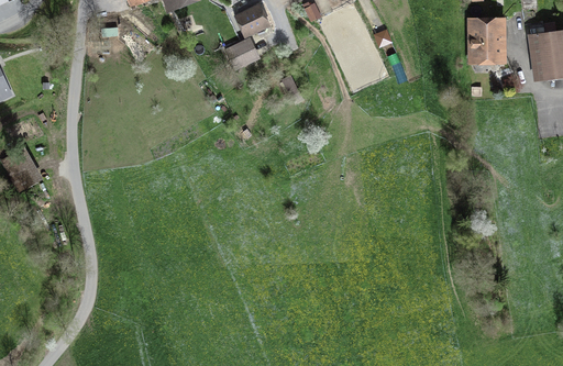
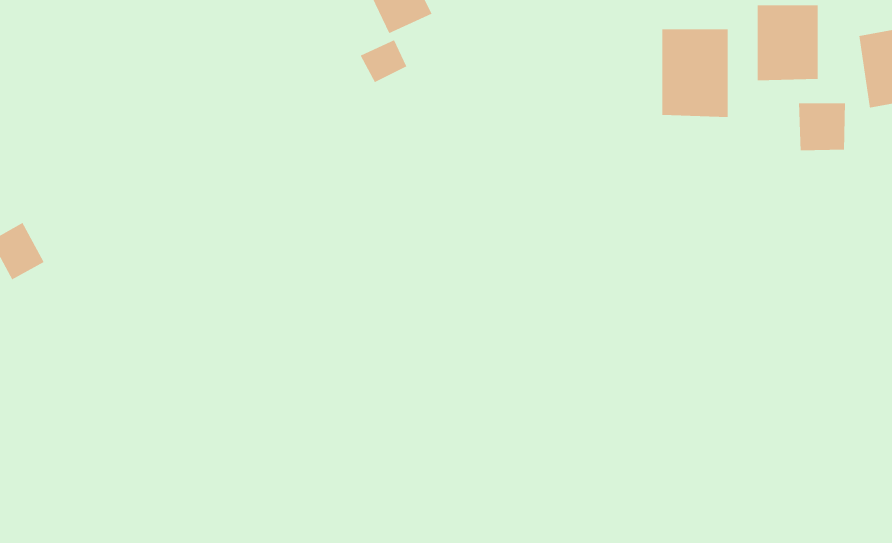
building: none -> [662,28,728,118]
building: none -> [798,103,845,151]

